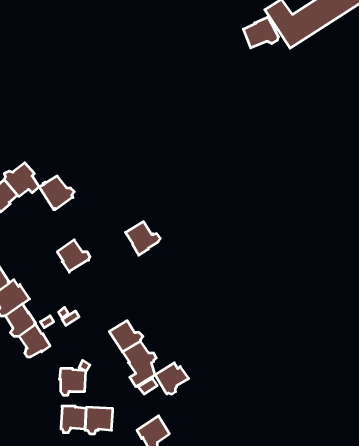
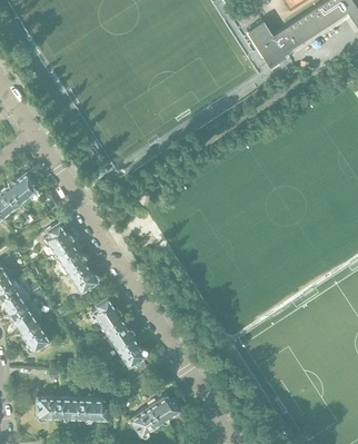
building: [243,16,279,48] -> none
building: [39,176,74,210] -> [41,224,73,255]
building: [125,222,160,255] -> [67,263,99,294]
building: none -> [91,297,121,328]
building: [155,363,189,394] -> [149,395,180,424]
building: [59,369,86,395] -> [36,396,60,421]

